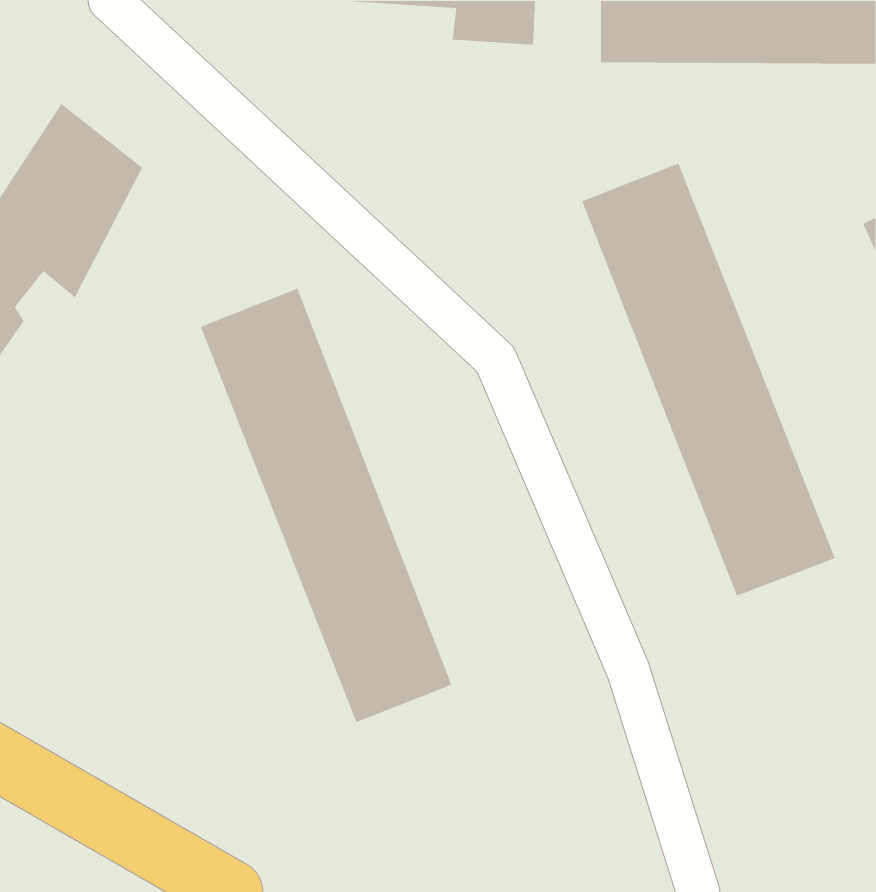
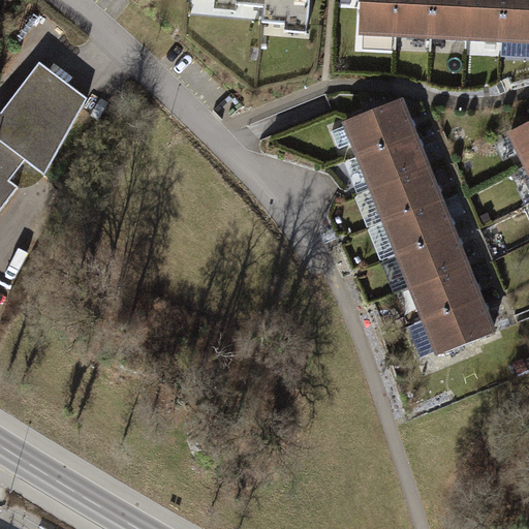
building: [200,287,453,723] -> none

